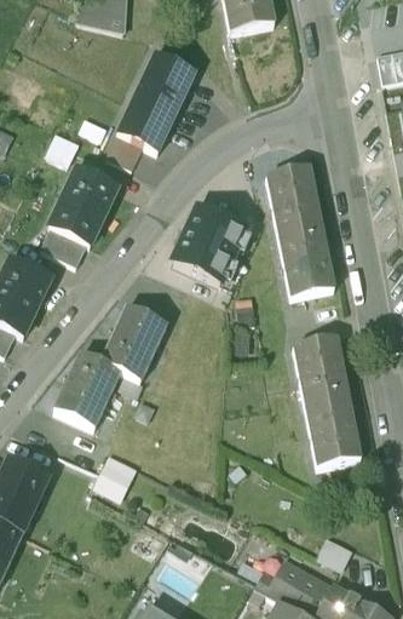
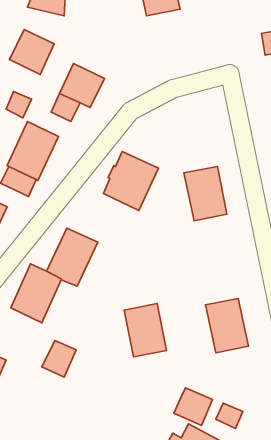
building: [136,53,194,111] -> [9,30,54,75]
building: [266,164,322,234] -> none
building: [294,336,349,405] -> [124,304,166,357]
building: none -> [174,388,213,425]

